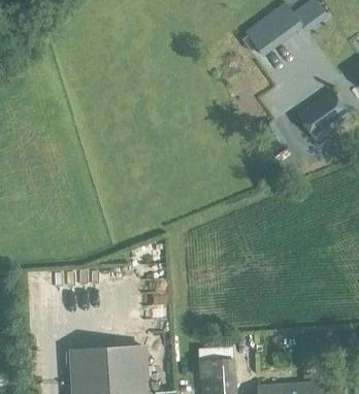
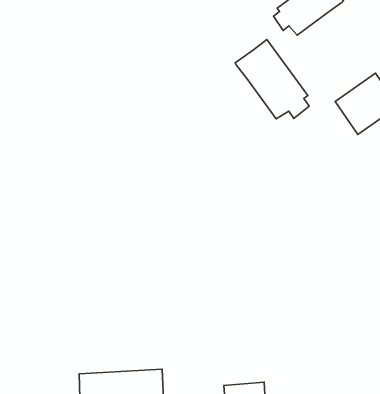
building: none -> [235,40,309,119]

